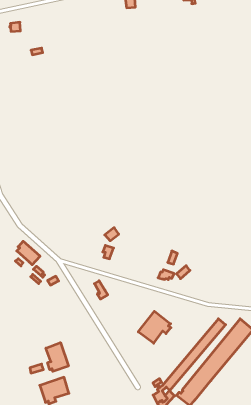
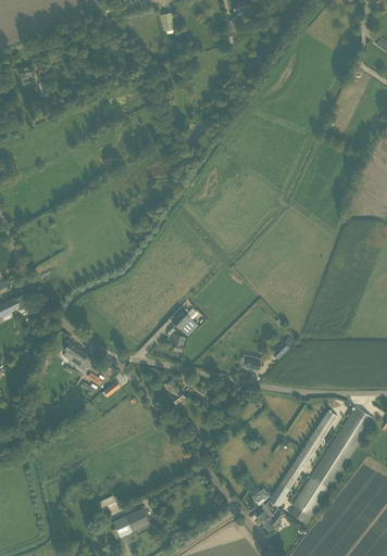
building: [138,311,171,343] -> none
building: [46,343,68,371] -> none

